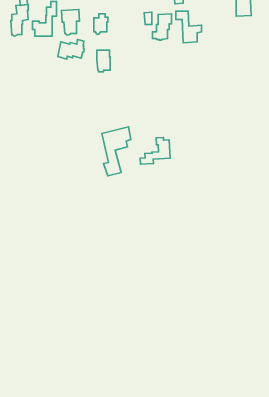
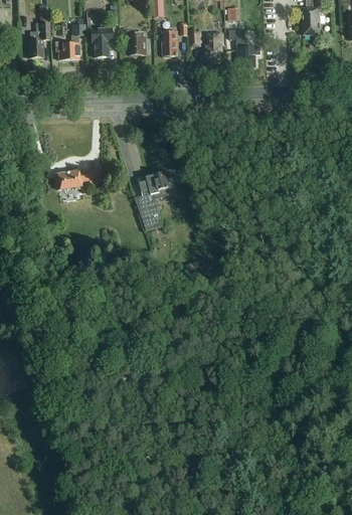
building: [58,39,84,59] -> none
building: [97,50,110,72] -> [161,30,177,56]
building: none -> [54,168,100,188]
building: [140,138,170,164] -> none

